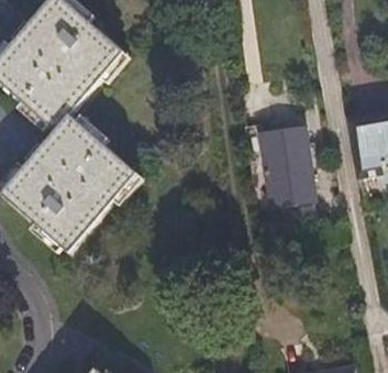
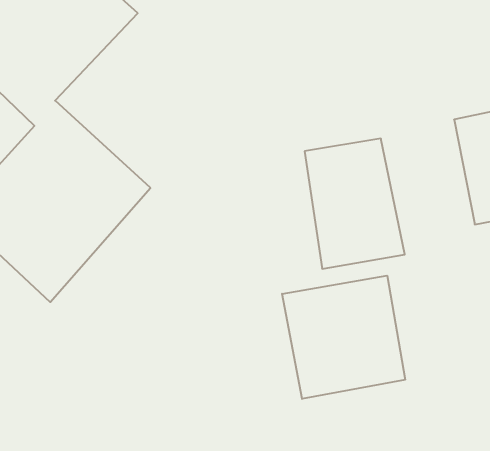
building: none -> [282,276,405,399]

